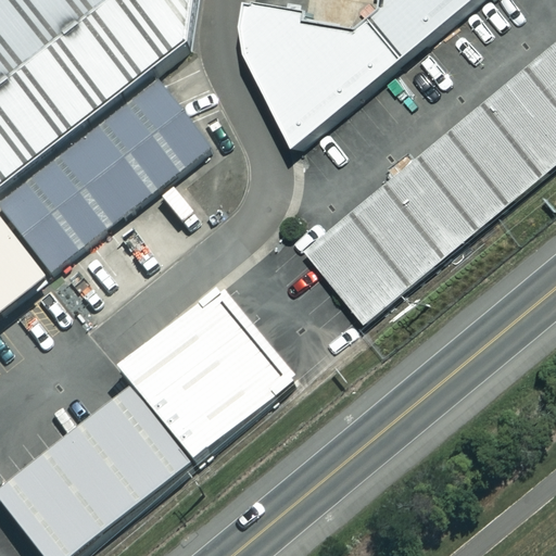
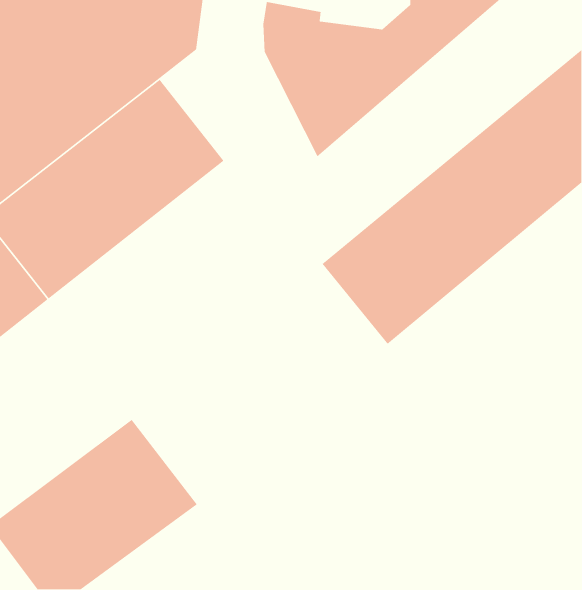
building: [123,293,290,459] -> none

